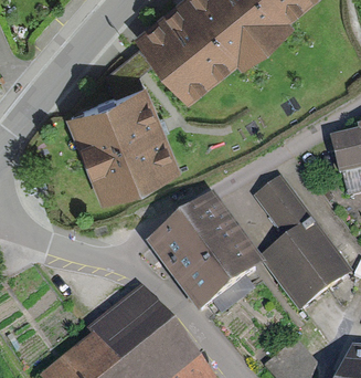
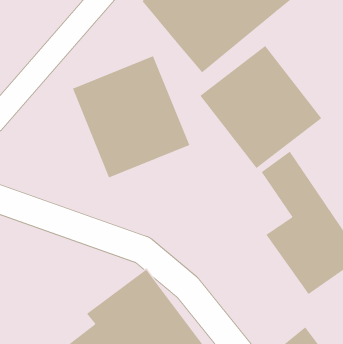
building: [148,192,263,308] -> [199,45,322,169]

